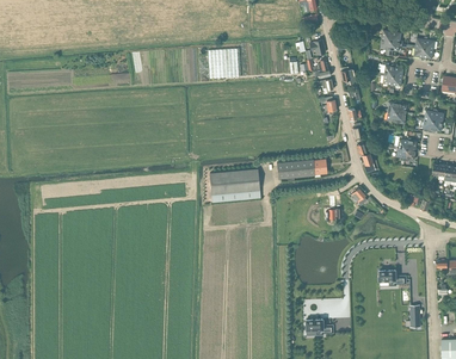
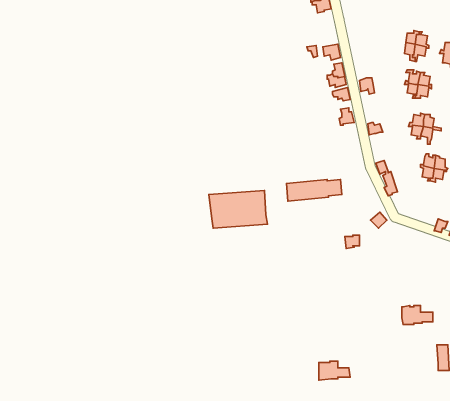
building: [208,48,240,78] -> none

